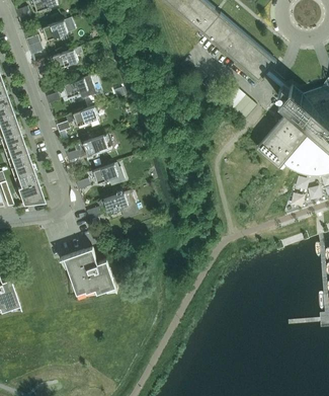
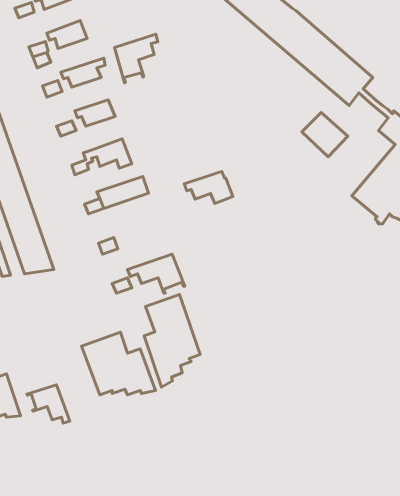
building: none -> [114,34,158,83]
building: [89,162,125,185] -> [184,171,233,203]
building: none -> [144,294,200,387]
building: none -> [27,385,70,423]

